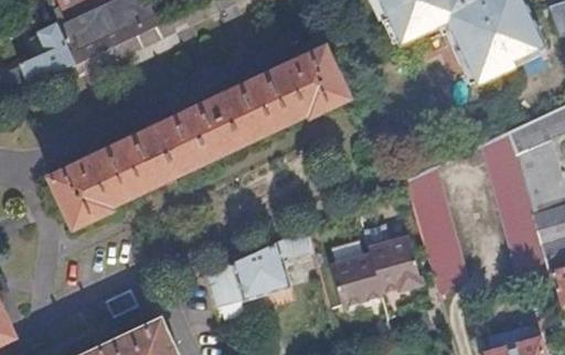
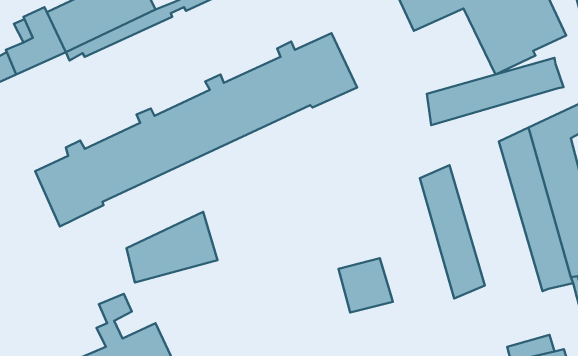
building: none -> [427,58,563,125]
building: [363,226,420,292] -> none
building: [205,241,290,308] -> [127,212,217,282]

